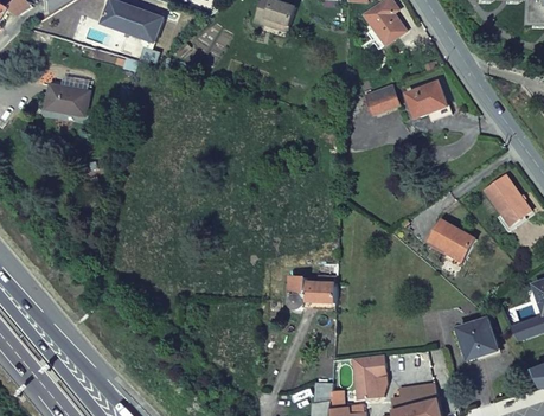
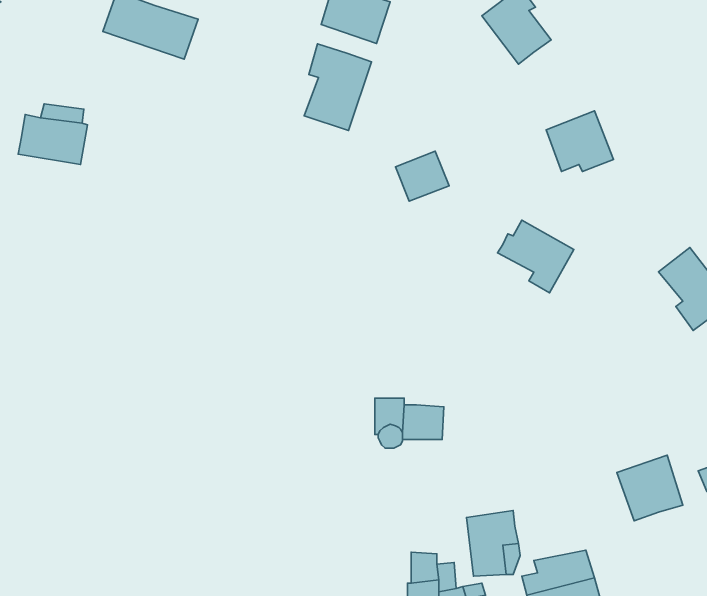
building: none -> [304,44,372,131]
building: [363,82,399,116] -> [395,151,449,201]
building: [422,217,474,267] -> [498,220,574,293]

